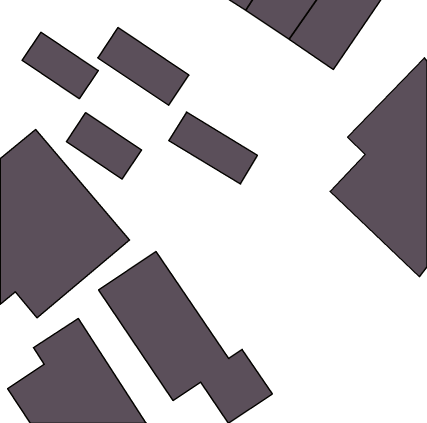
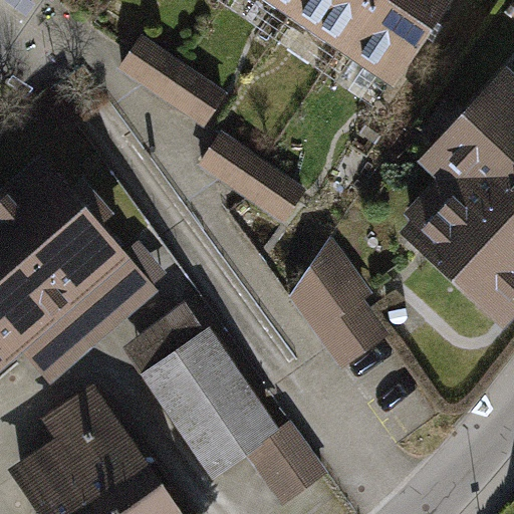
building: [22,32,98,99] -> none
building: [66,113,142,179] -> none
building: none -> [285,238,394,360]

